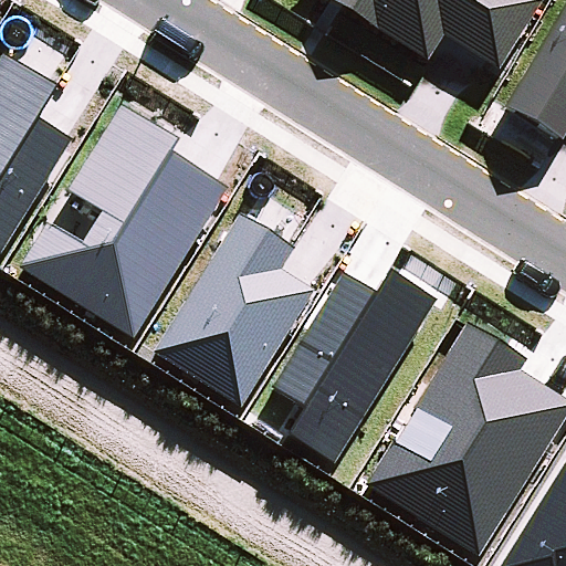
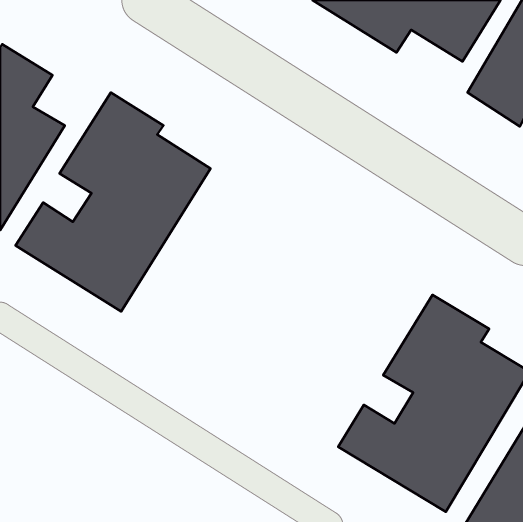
building: [153,212,314,406] -> none
building: [272,266,439,463] -> none

